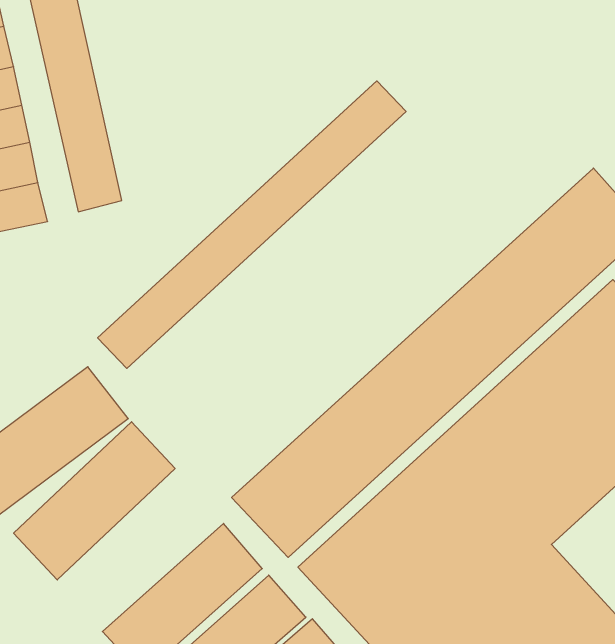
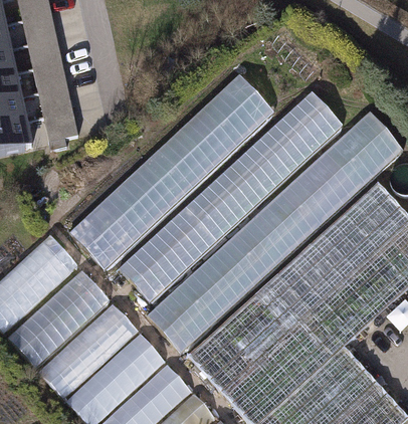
building: none -> [82,83,278,268]
building: none -> [119,90,343,302]
building: none -> [38,304,137,399]

